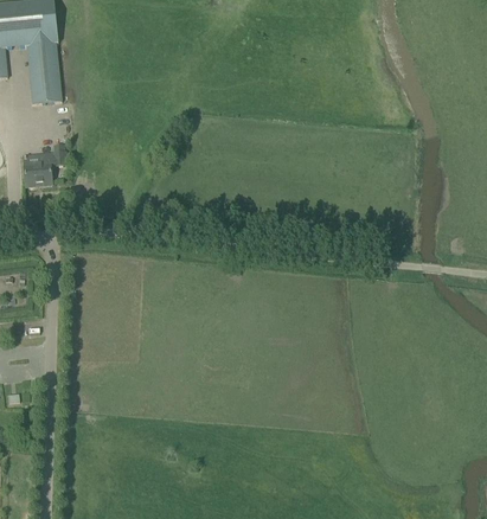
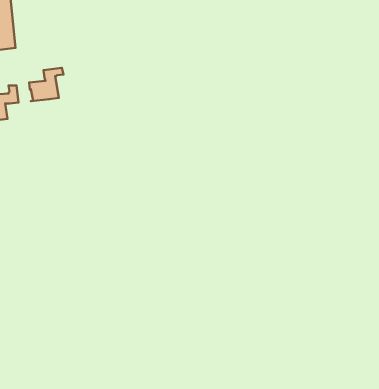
building: none -> [29,68,64,101]

